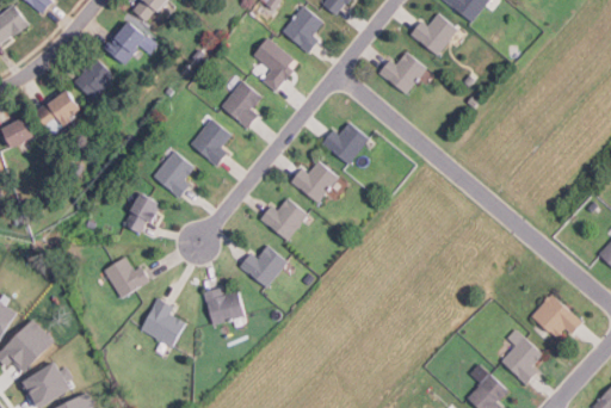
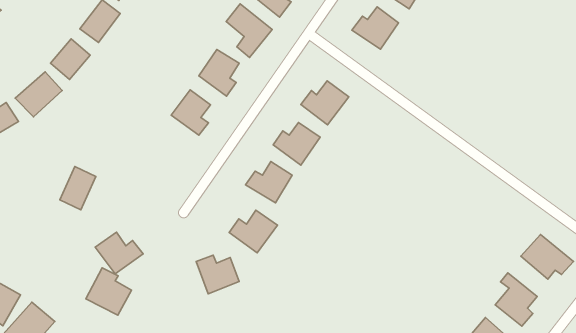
building: [152,150,195,198] -> none
building: [123,192,161,236] -> [60,166,96,210]
building: [138,298,185,347] -> [86,268,131,315]

